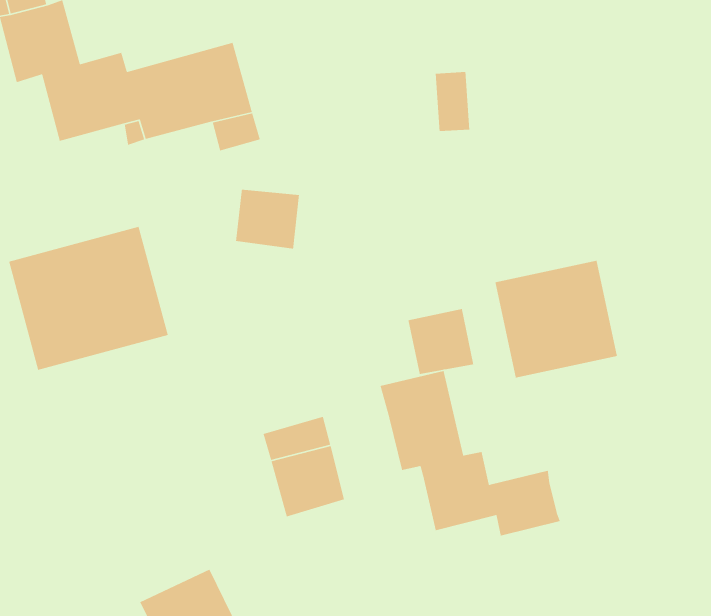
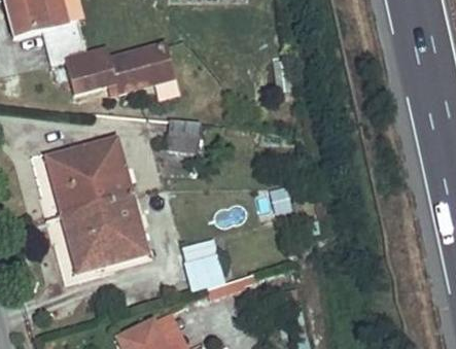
building: [494,260,618,379] -> none
building: none -> [63,196,147,272]
building: [380,370,561,537] -> none

